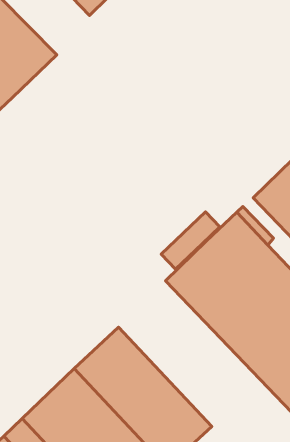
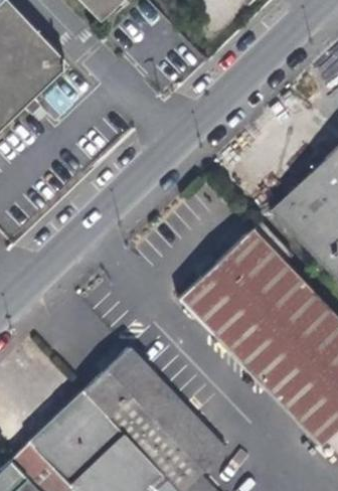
building: [161,212,220,269] -> none

